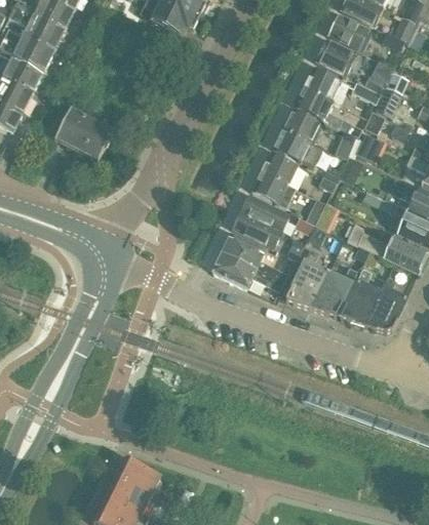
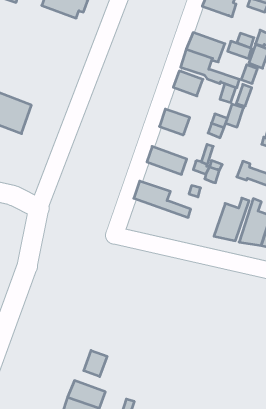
building: [315,40,355,74] -> none
building: [272,126,322,166] -> none
building: [251,170,295,206] -> none
building: [232,210,280,246] -> none
building: [284,247,327,307] -> none
building: [211,251,282,289] -> none
building: none -> [84,350,107,377]

